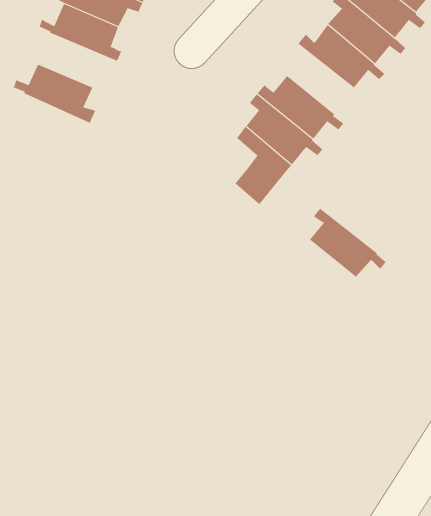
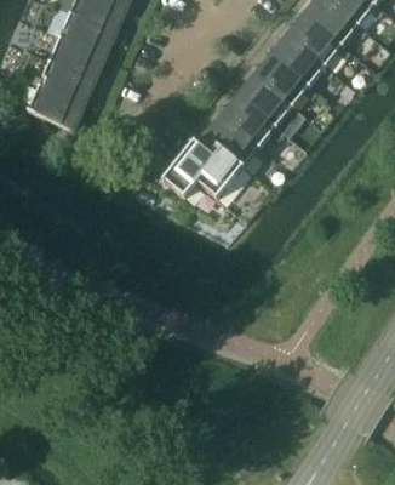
building: none -> [29,59,103,103]
building: none -> [162,136,214,196]
building: [309,208,386,279] -> [239,68,300,125]

